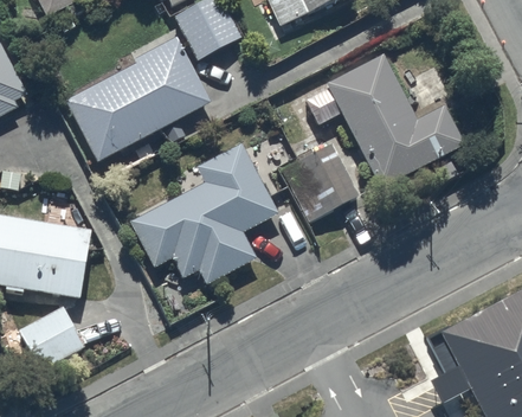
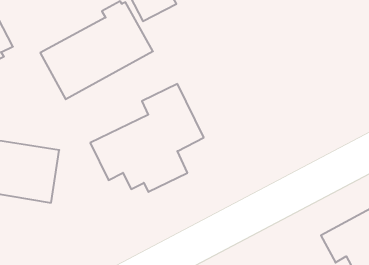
building: [303,54,465,188] -> none
building: [282,143,359,220] -> none
building: [18,304,84,370] -> none

